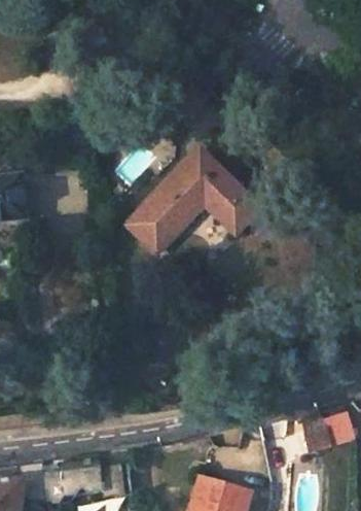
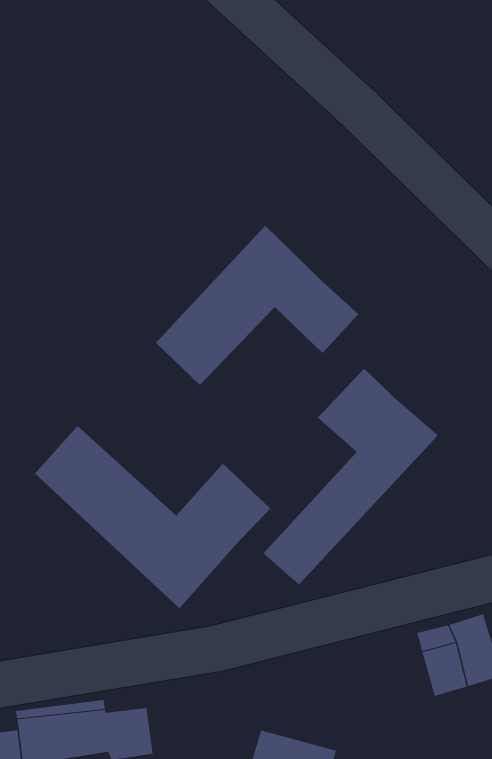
building: none -> [263,368,439,585]
building: none -> [34,425,271,609]

